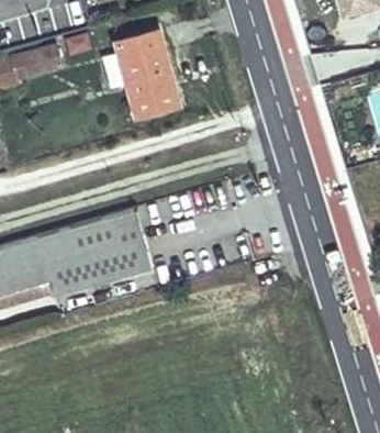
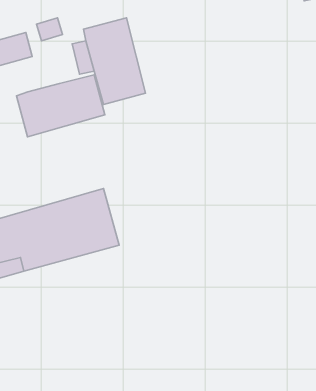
building: none -> [16,75,105,137]

